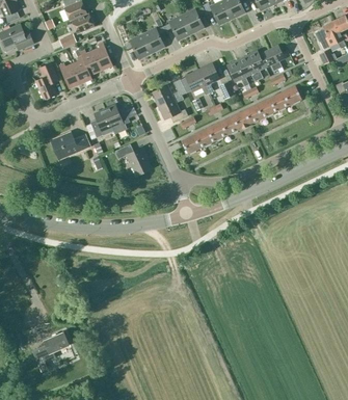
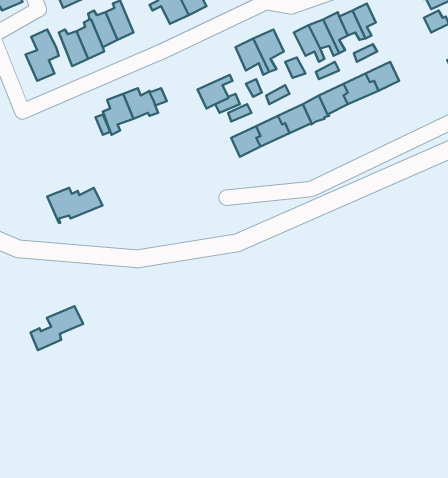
building: [152,78,186,105] -> none
building: [51,133,90,158] -> [47,188,103,223]
building: [115,143,151,174] -> none
building: [32,331,70,363] -> [31,306,83,350]

